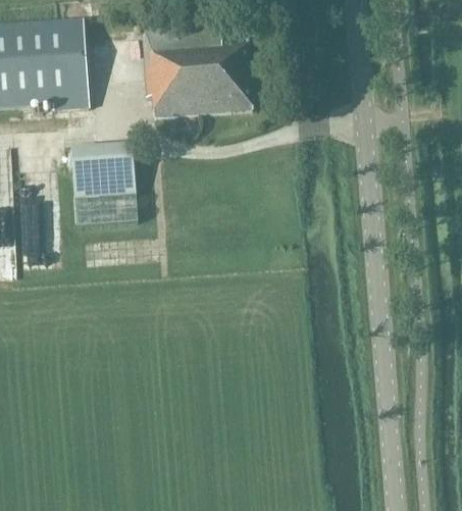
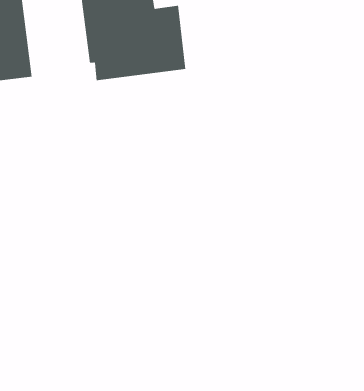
building: [71,144,139,224] -> none

